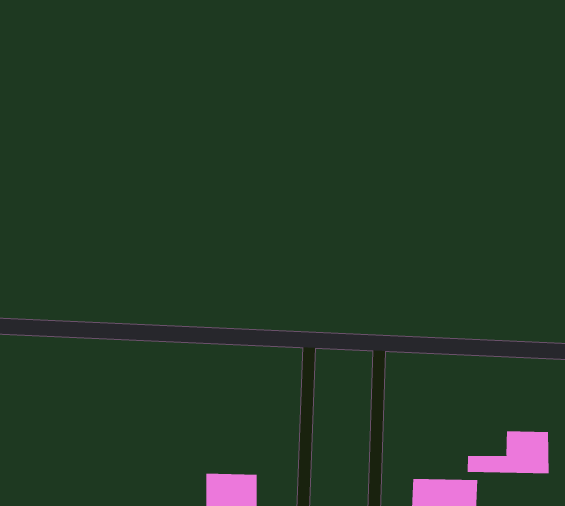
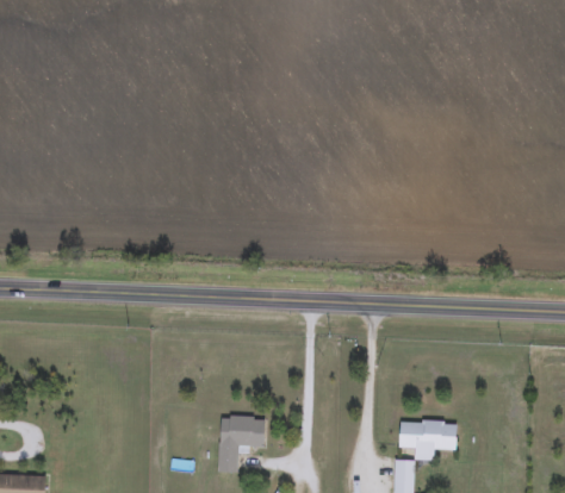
building: [467,431,549,474] -> none

